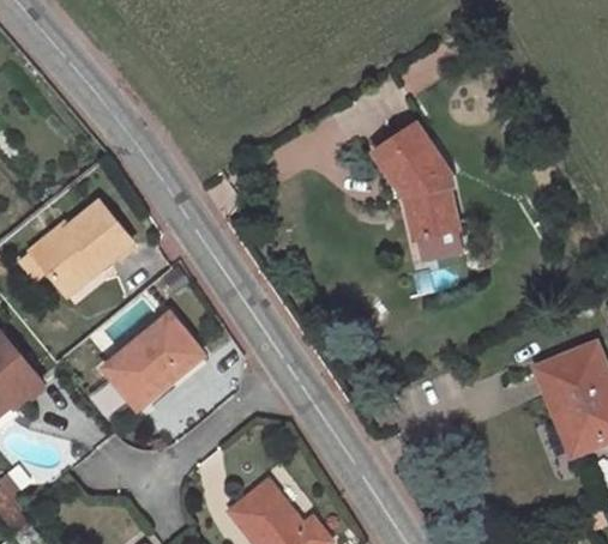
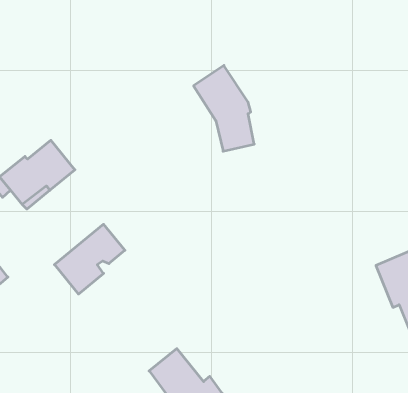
building: [375,126,457,241] -> [194,65,254,151]

